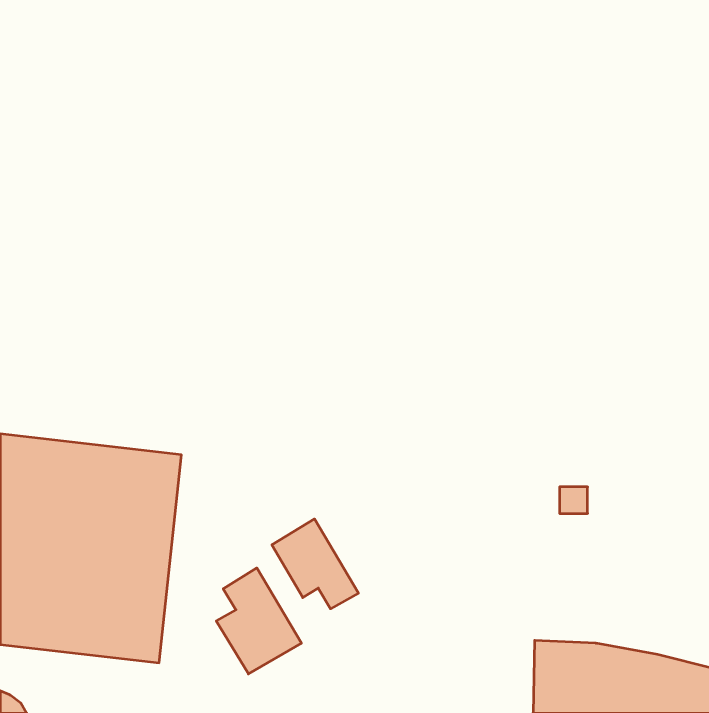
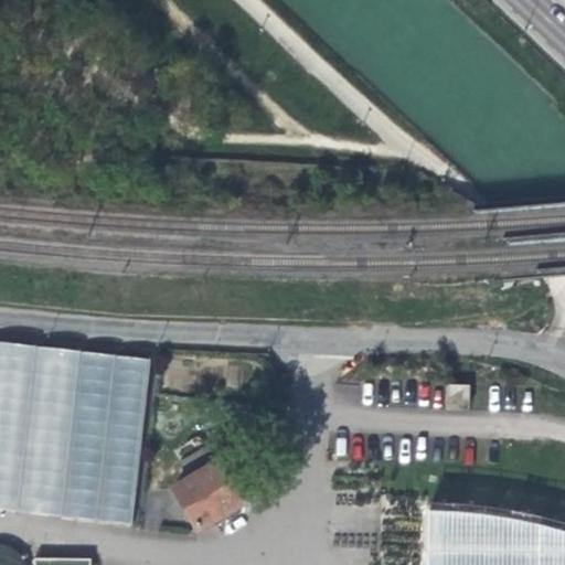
building: [272,519,358,609] -> none

